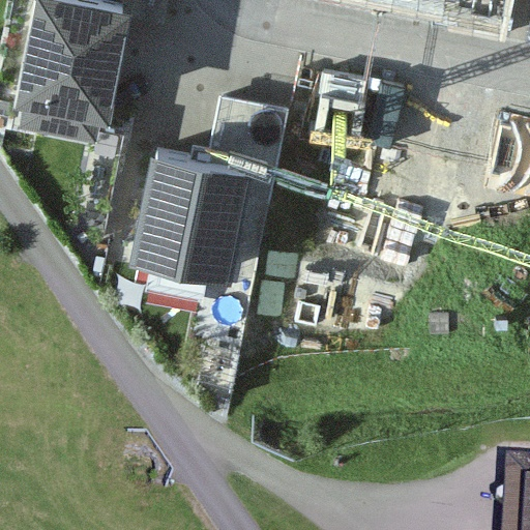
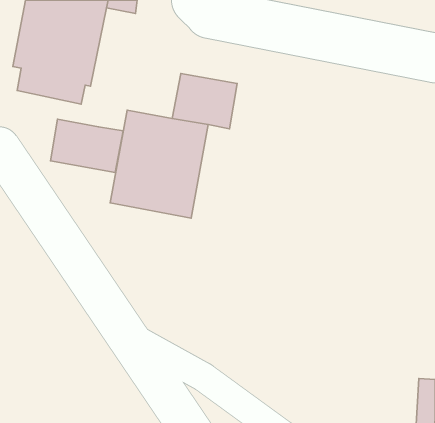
building: none -> [50,119,123,172]

